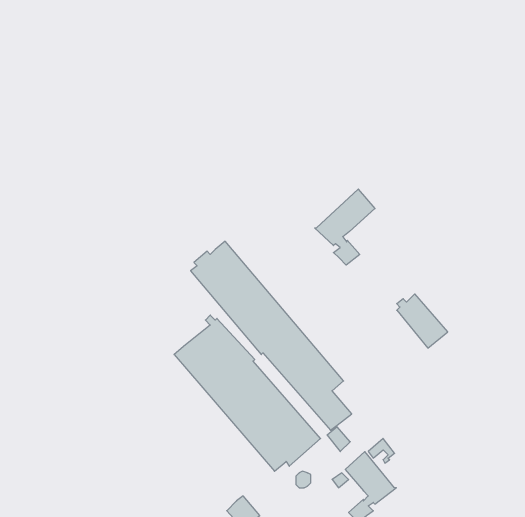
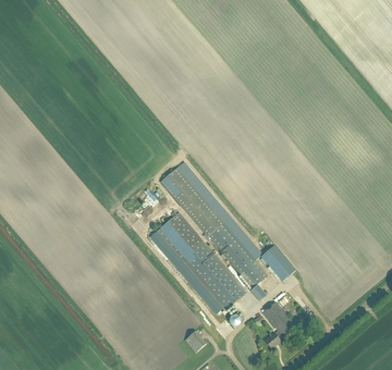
building: [315,189,375,265] -> none
building: [397,294,448,348] -> [261,245,295,281]

